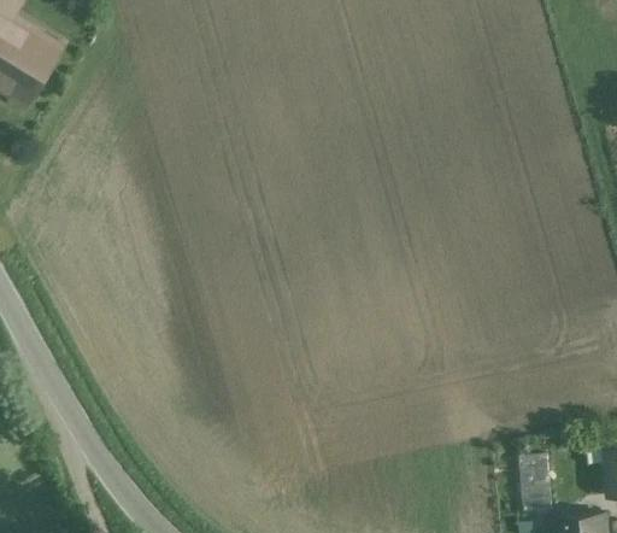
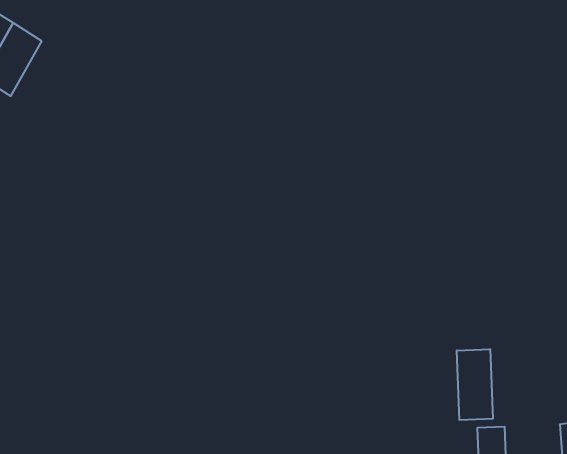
building: none -> [457,349,493,420]

